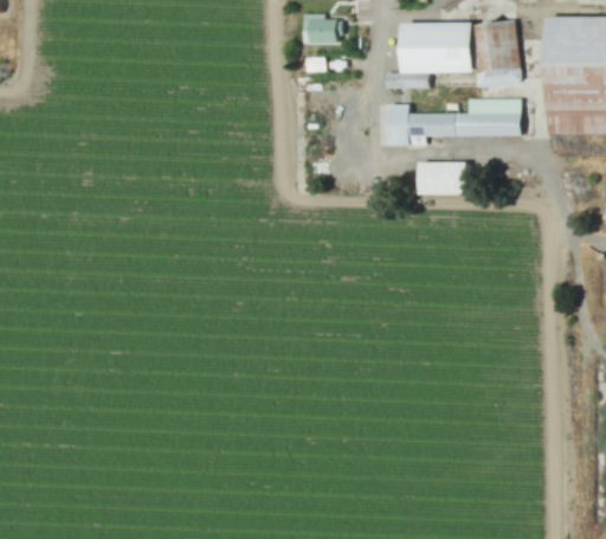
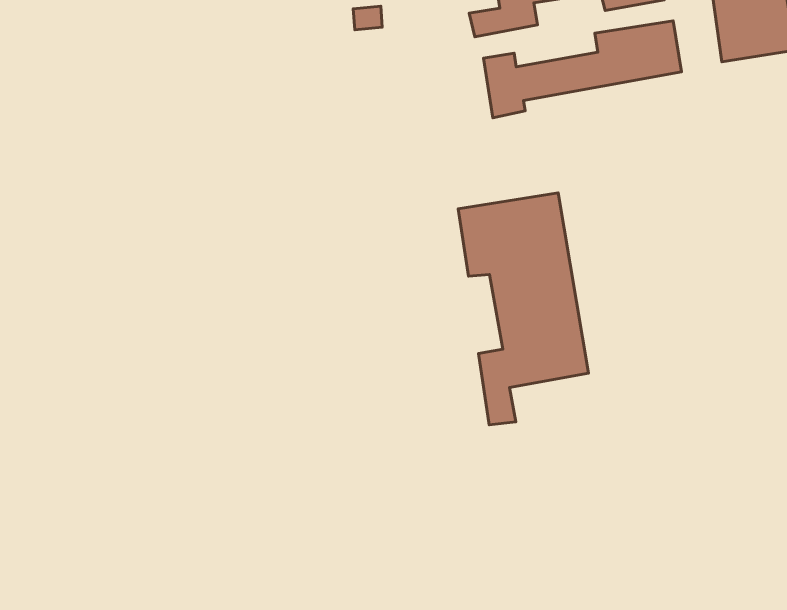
building: [419,162,468,194] -> none
building: none -> [458,193,589,425]

